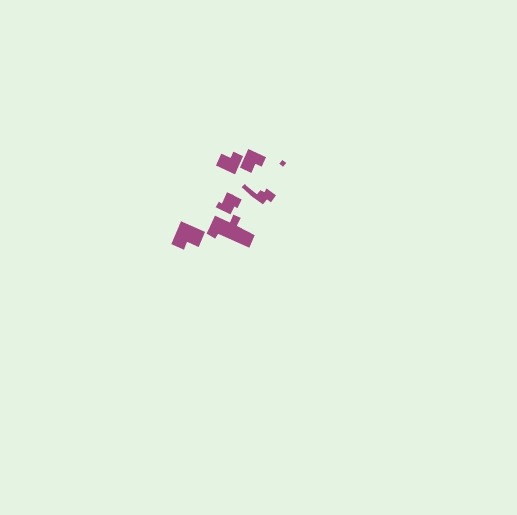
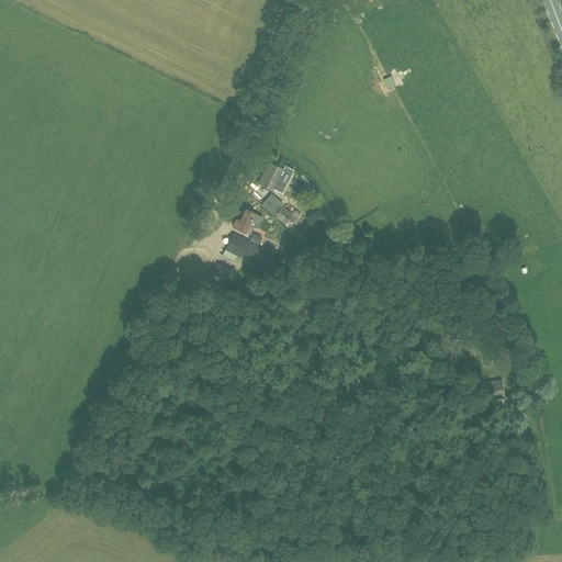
building: [215,151,244,176] -> none
building: [170,220,206,251] -> none

